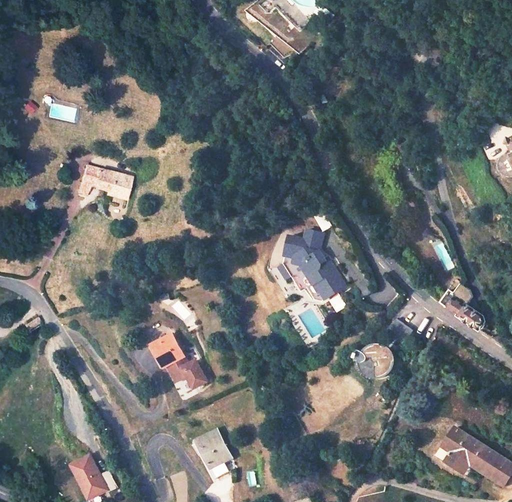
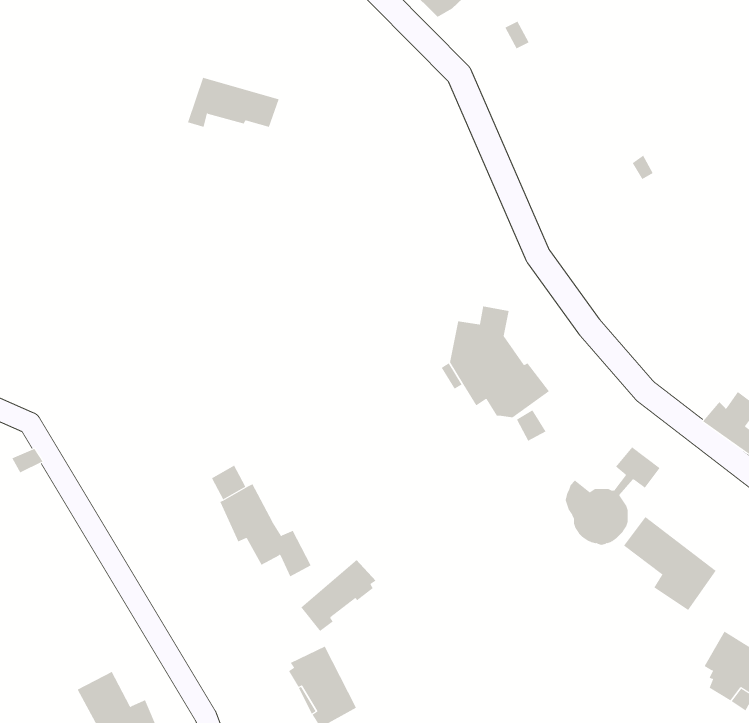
building: [79,164,134,194] -> [187,77,279,128]
building: none -> [623,516,717,611]
building: none -> [300,559,376,632]

